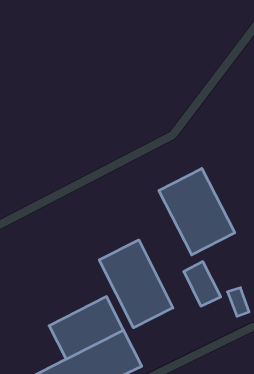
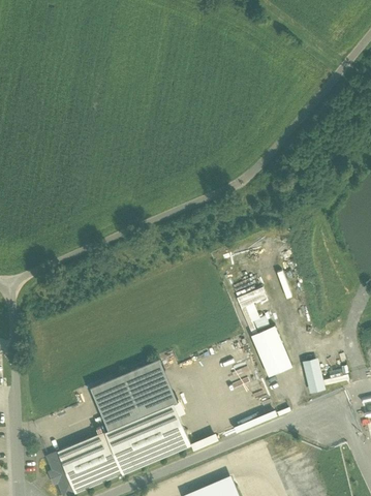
building: [159,168,235,255] -> none
building: [99,240,173,328] -> none

